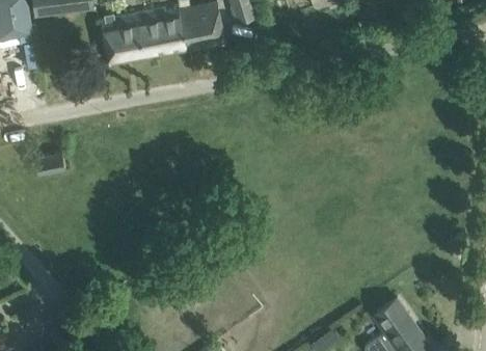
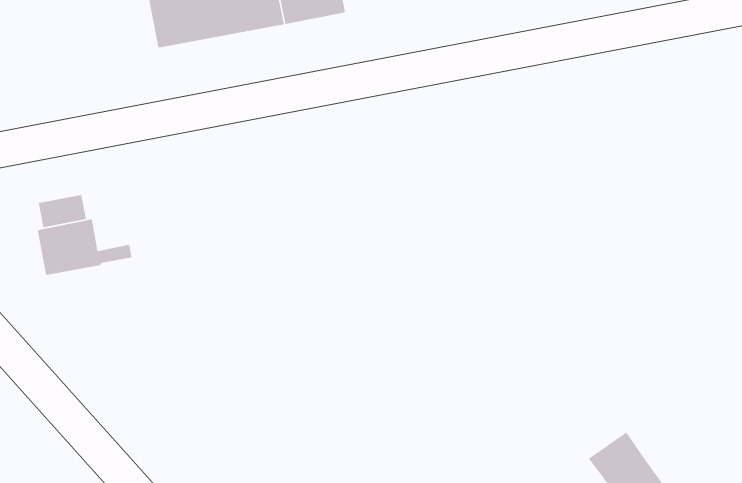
building: none -> [37,218,133,276]

